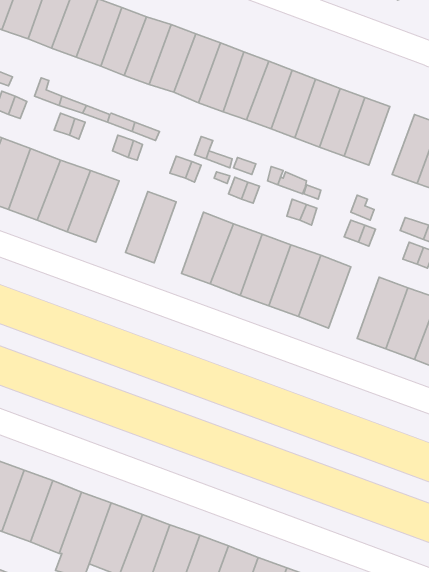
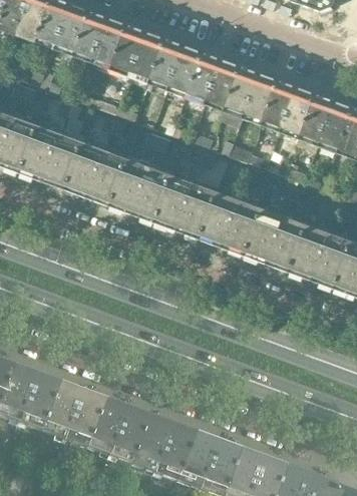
building: none -> [300,93,335,145]
building: none -> [89,150,129,205]
building: none -> [134,166,172,221]
building: none -> [269,216,308,272]

